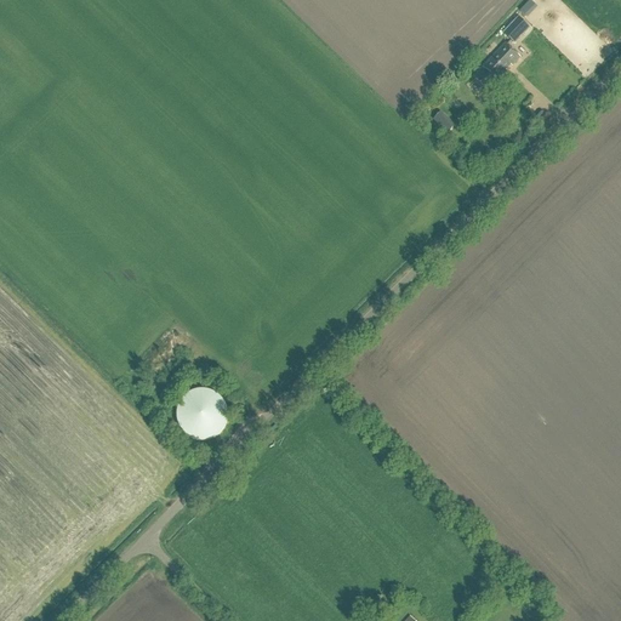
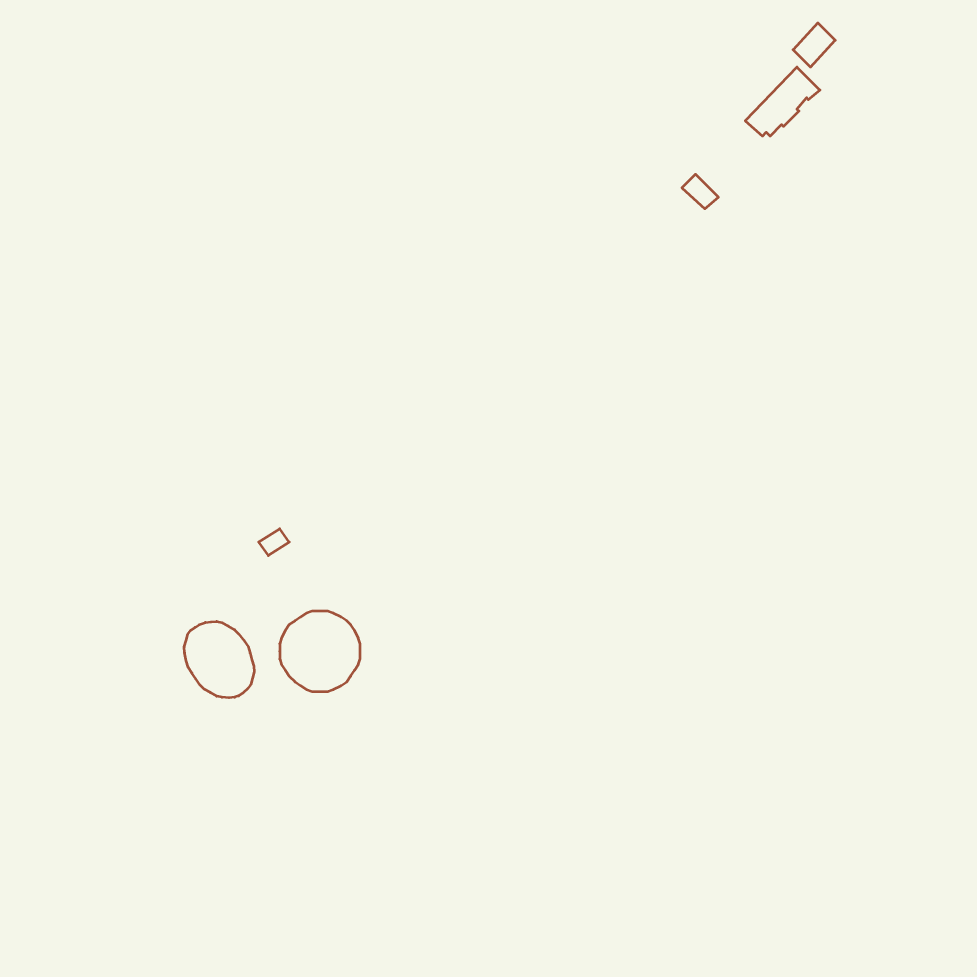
building: none -> [184,621,254,698]

